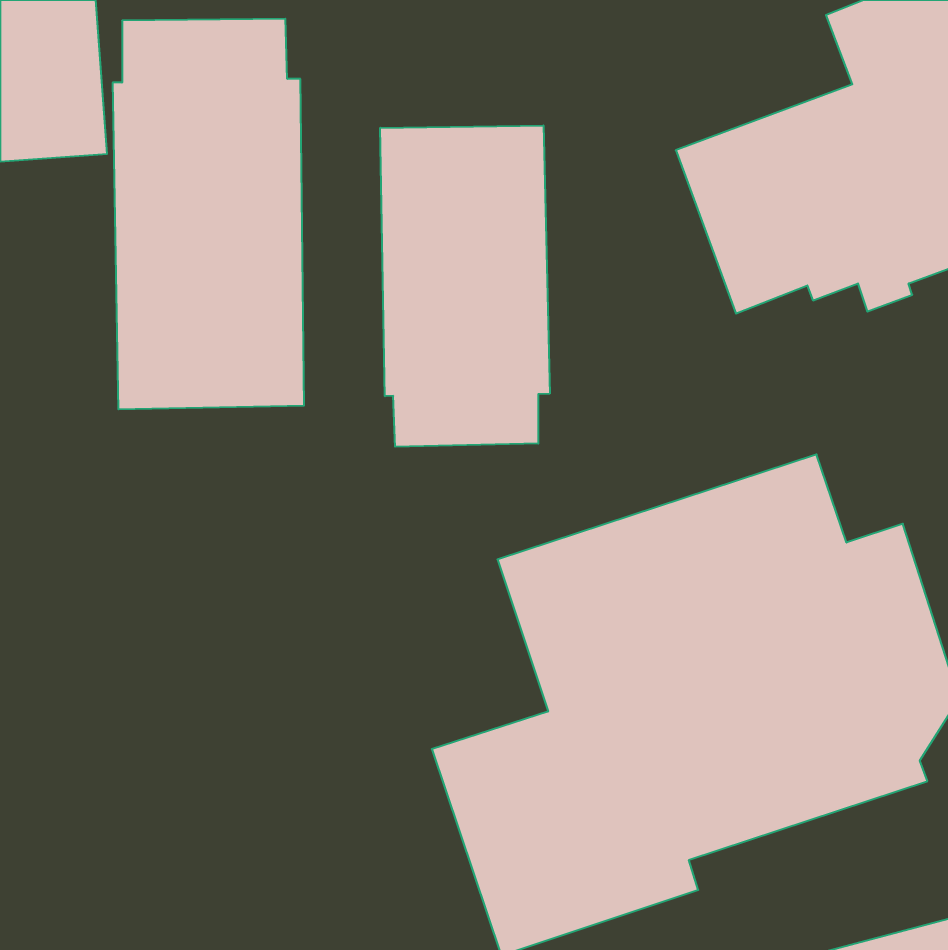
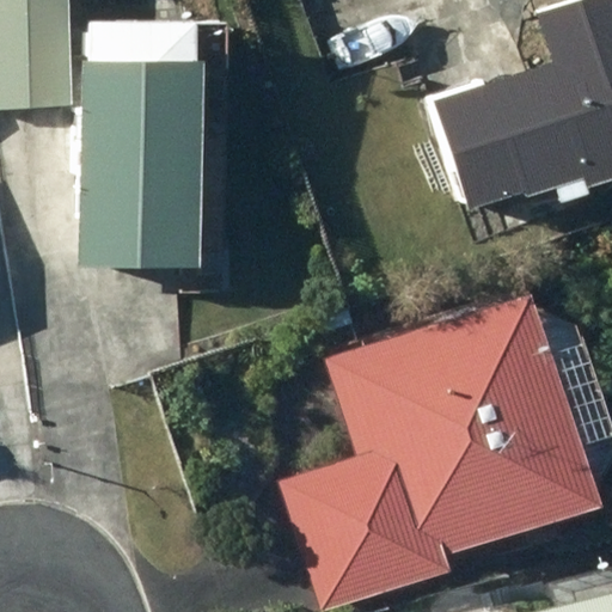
building: [380,125,550,447] -> none

